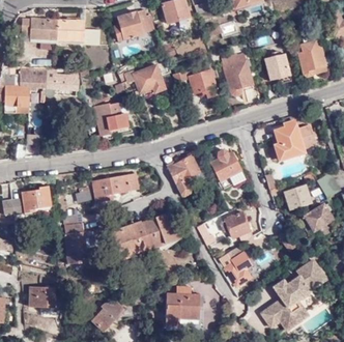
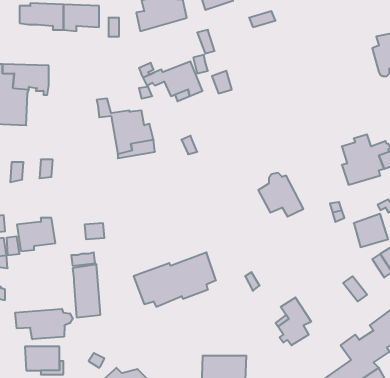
building: [264,54,292,84] -> none
building: [224,59,254,96] -> none
building: [190,69,219,97] -> none
building: [45,73,78,90] -> none
building: [168,156,207,195] -> none
building: [92,174,138,202] -> none
building: [224,212,252,243] -> none
building: none -> [15,309,73,339]

